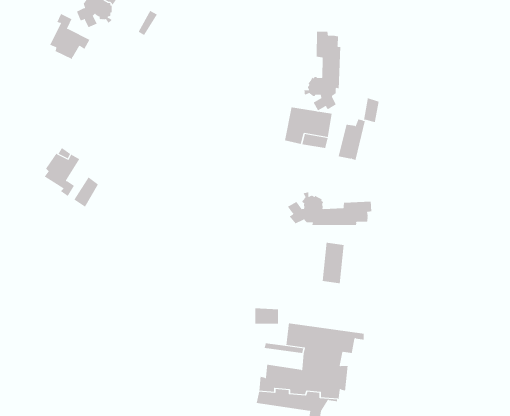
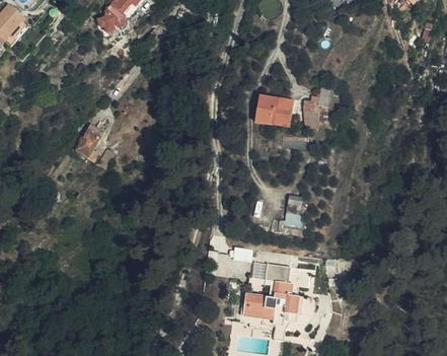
building: [50,13,90,60] -> none
building: [304,31,341,111] -> none
building: [287,192,372,226] -> none

